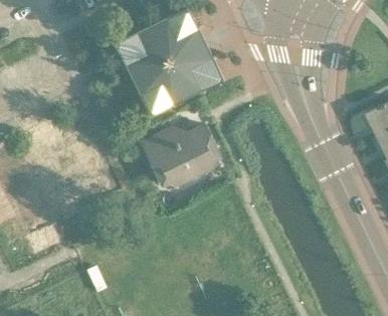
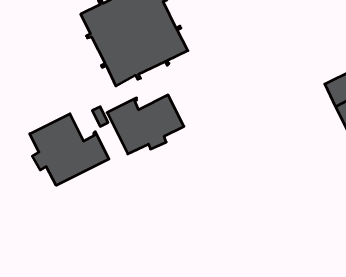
building: none -> [30,114,109,185]

